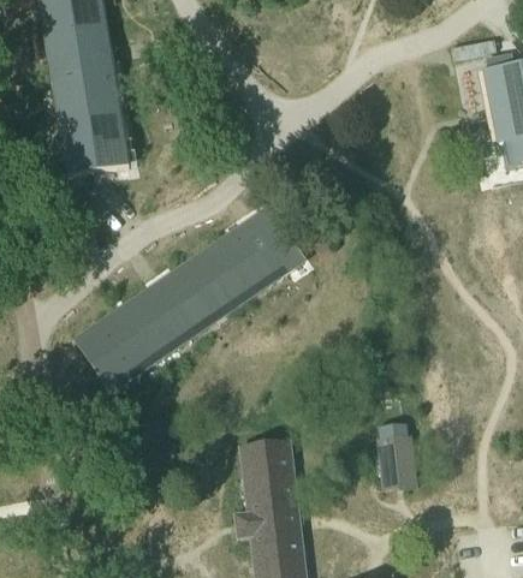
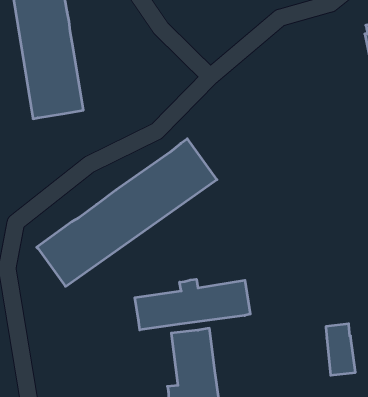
building: none -> [135,279,250,330]
building: [378,424,415,489] -> [326,324,355,375]

